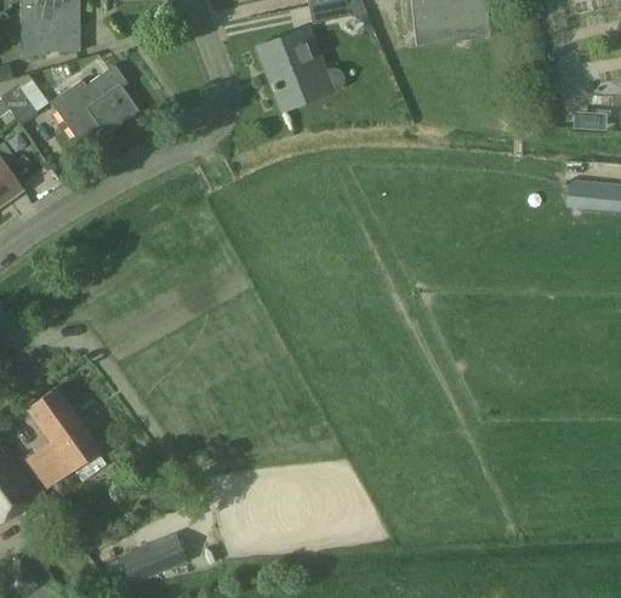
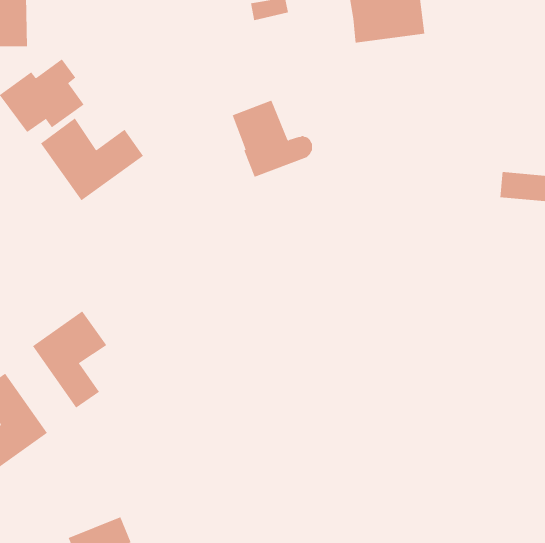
building: [260,29,343,109] -> [232,100,313,178]
building: none -> [40,118,144,201]
building: none -> [32,311,107,409]

